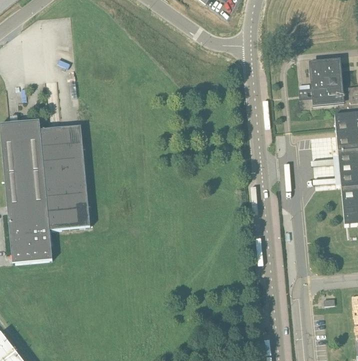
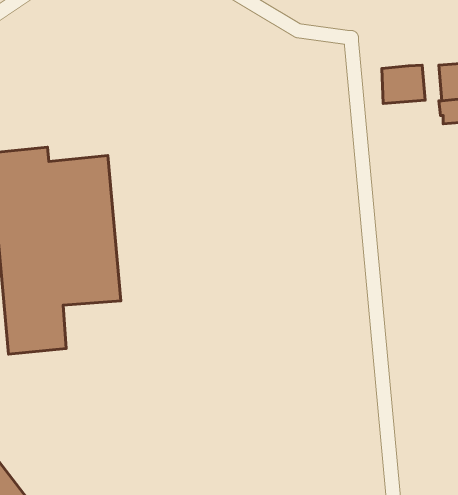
building: none -> [382,65,425,104]

